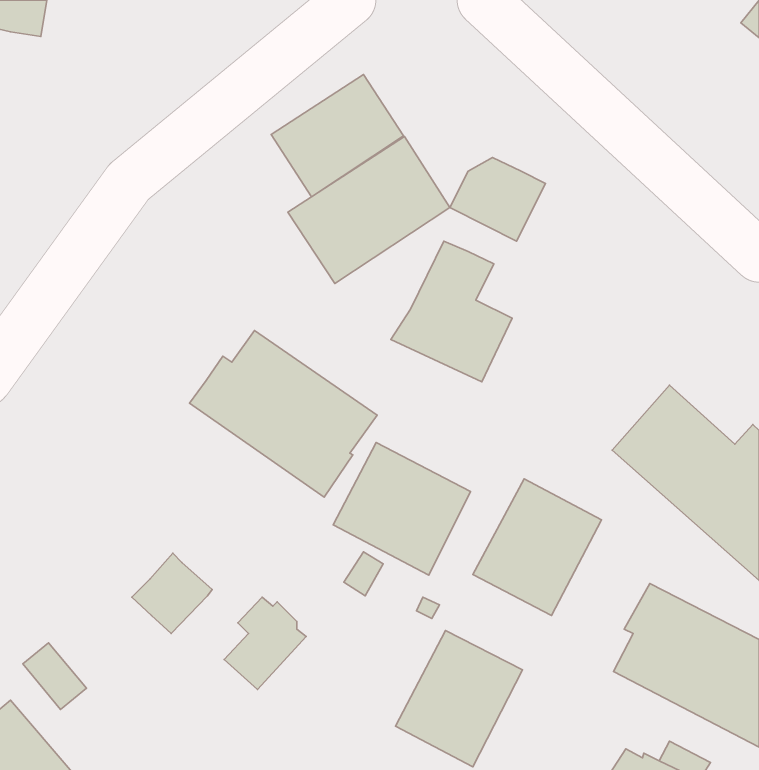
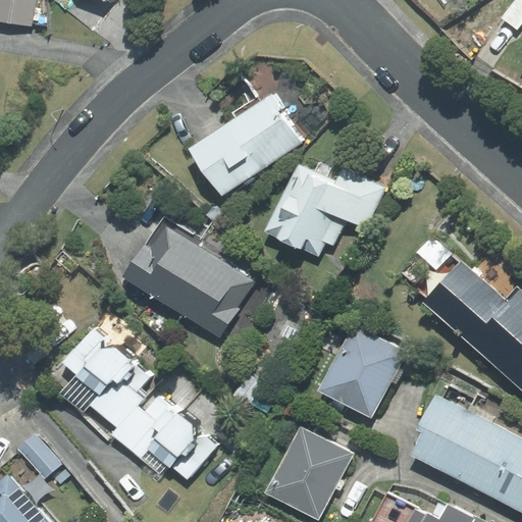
building: [271,75,404,197] -> none
building: [450,158,545,241] -> [320,171,384,227]
building: [333,442,471,575] -> none
building: none -> [65,318,139,393]
building: none -> [112,404,167,458]

